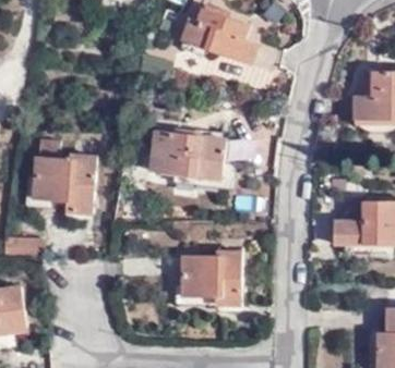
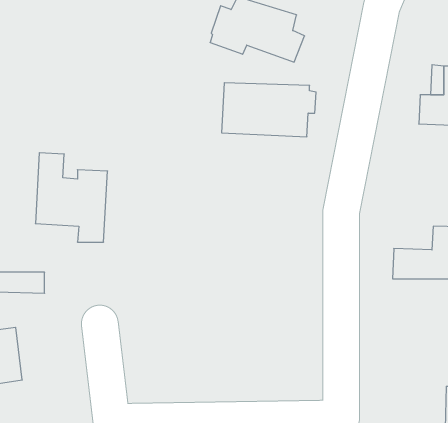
building: [151,131,229,175] -> [222,83,316,137]
building: [182,249,239,304] -> none

